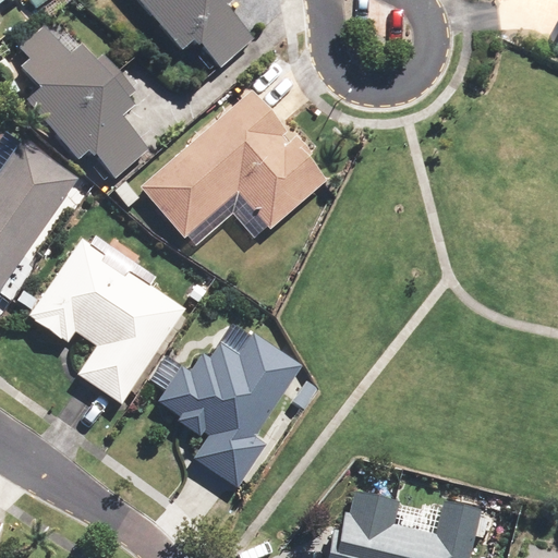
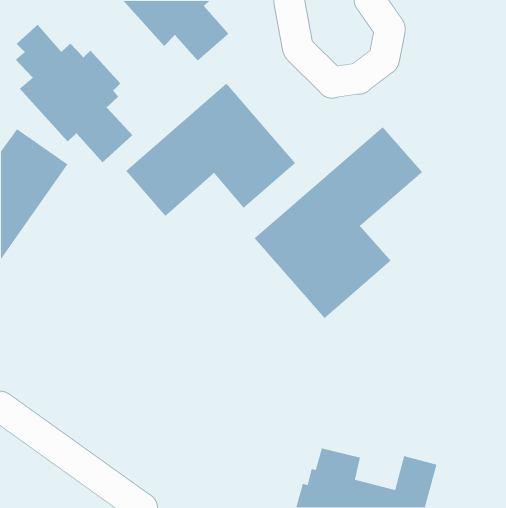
building: none -> [254,126,423,319]
building: [29,239,184,401] -> none
building: [158,335,301,487] -> none

